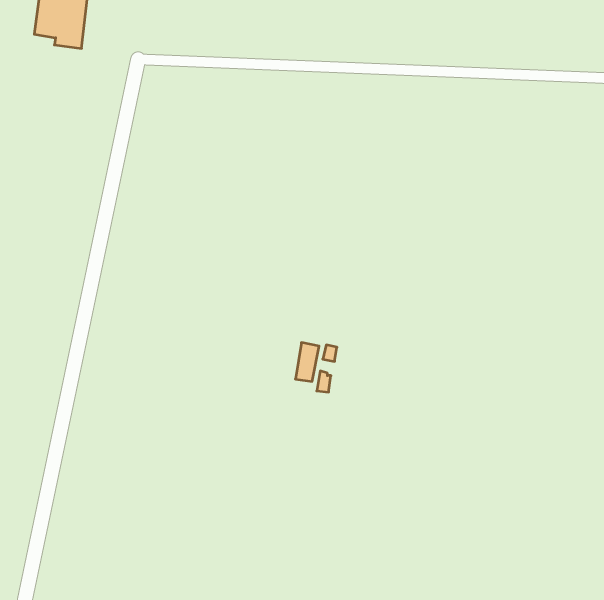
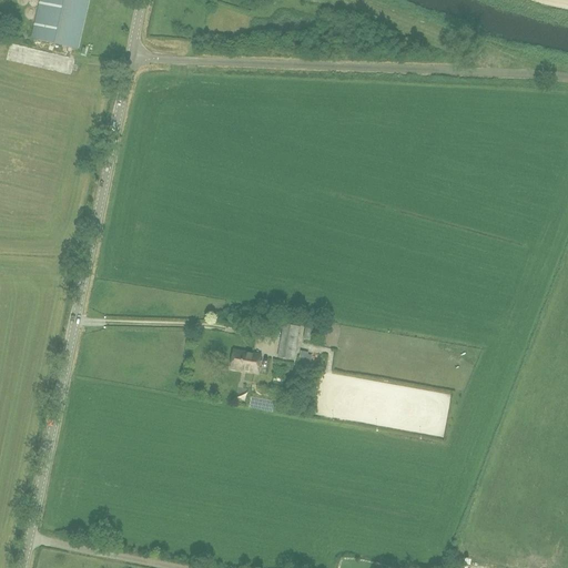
building: none -> [231,347,262,371]

